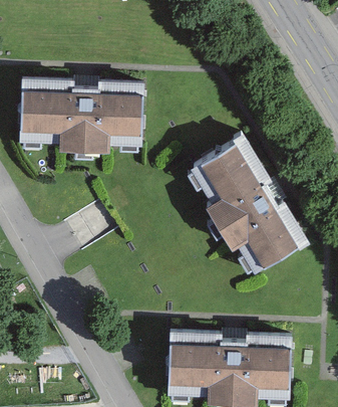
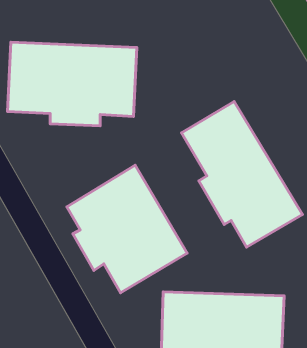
building: none -> [67,165,187,293]

